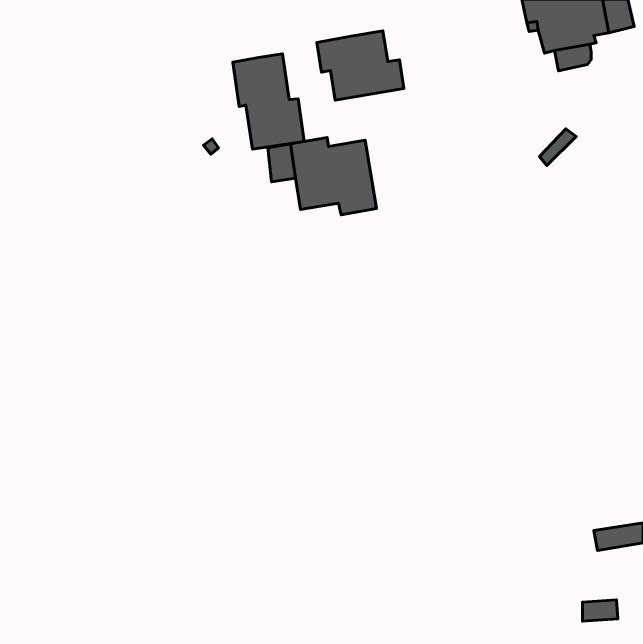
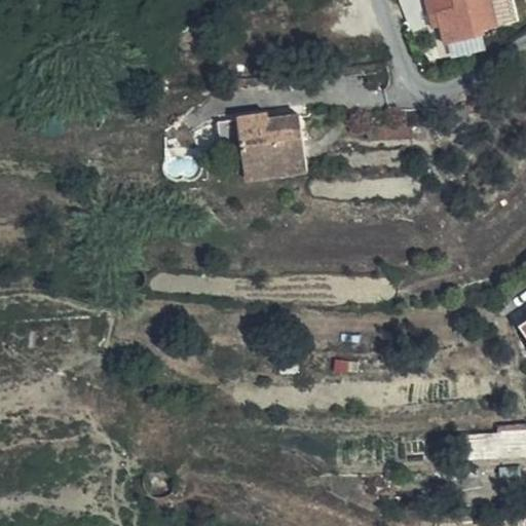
building: [317,31,404,100] -> none
building: [233,54,304,149] -> none

